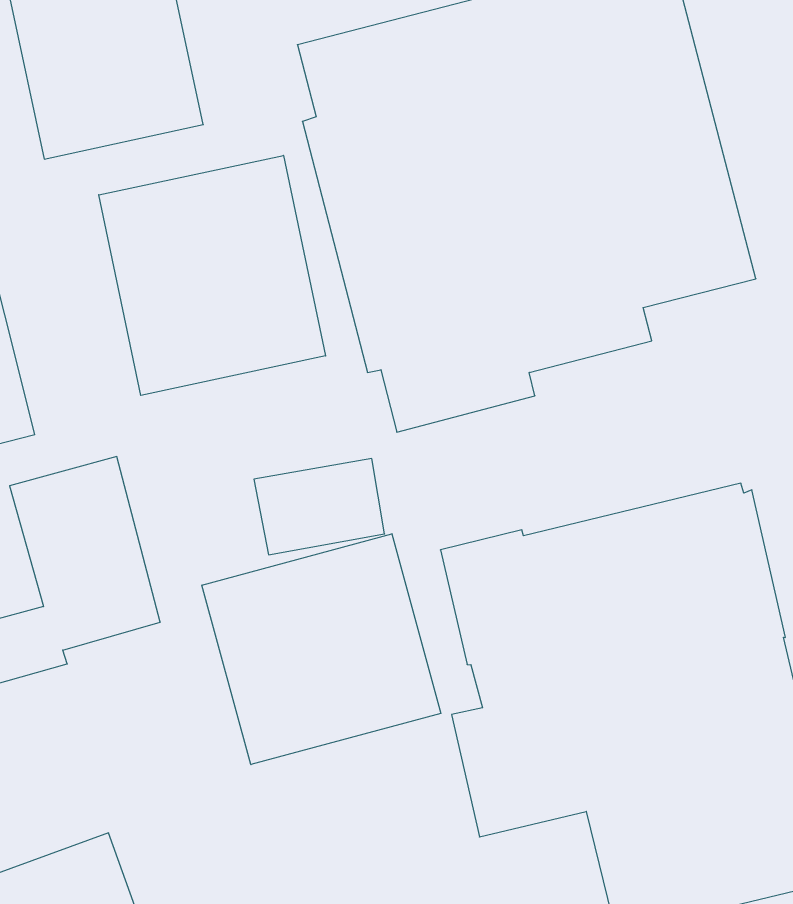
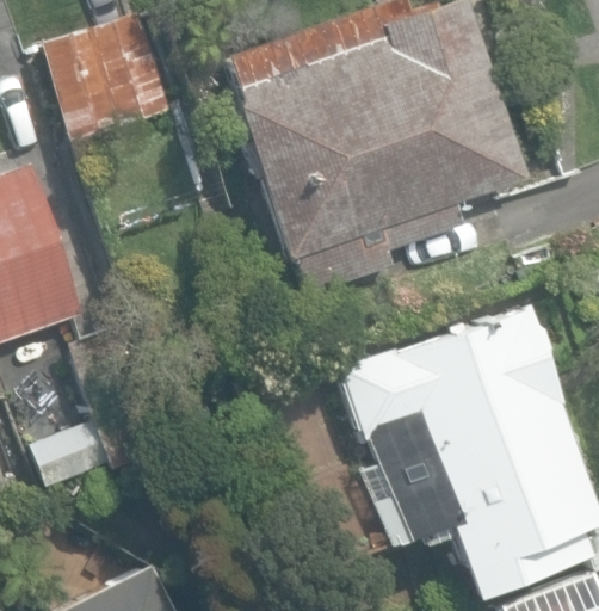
building: [99,155,326,395] -> none
building: [202,534,441,765] -> none

